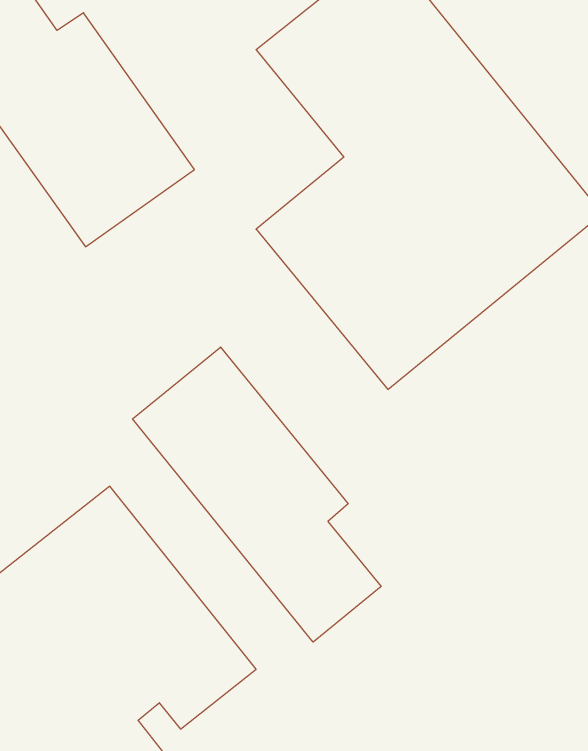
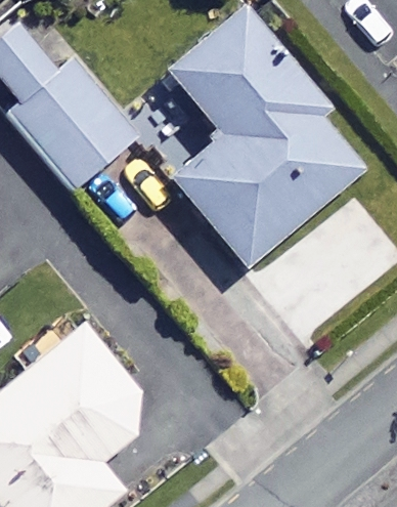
building: [133,347,381,642] -> none

